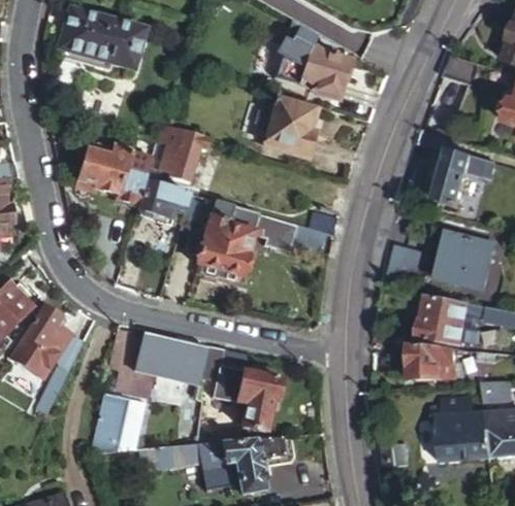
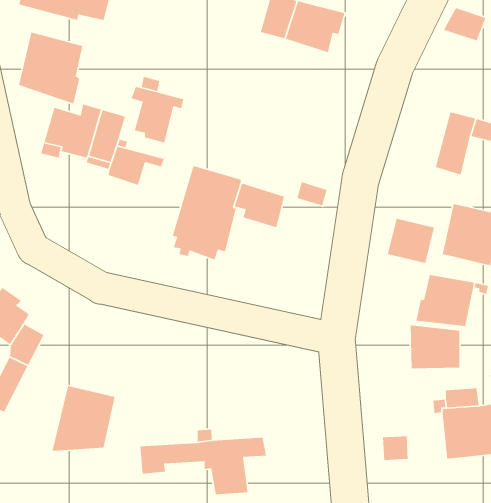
building: none -> [18,32,83,104]
building: [261,98,311,155] -> none
building: [132,334,278,434] -> none

